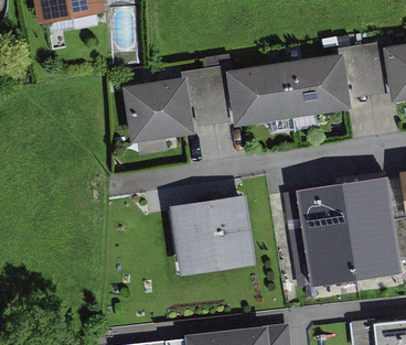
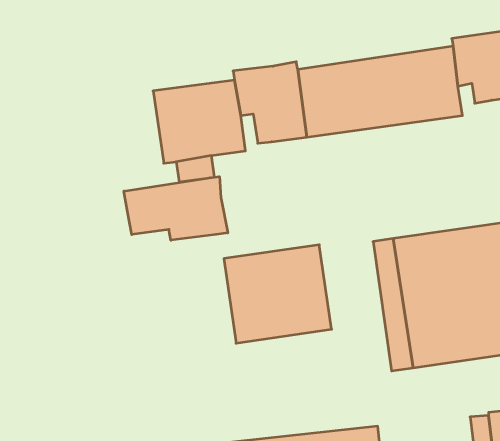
building: none -> [124,177,228,240]

